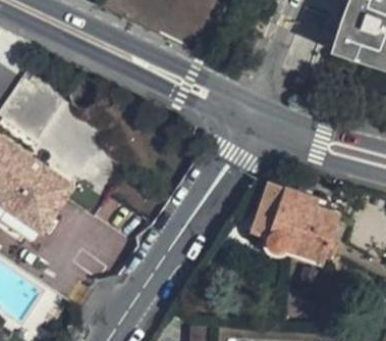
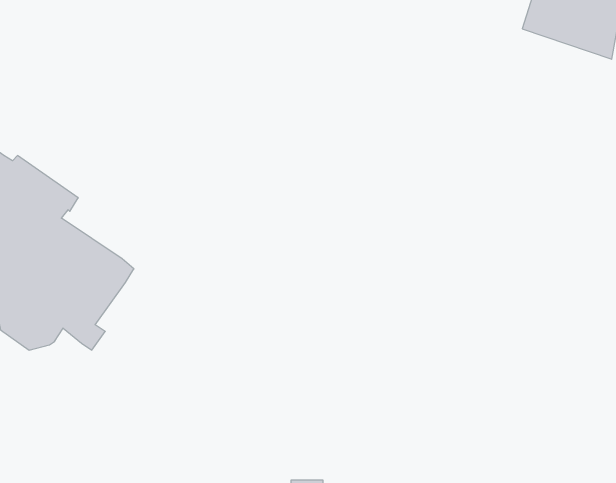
building: [247,181,338,258] -> none

